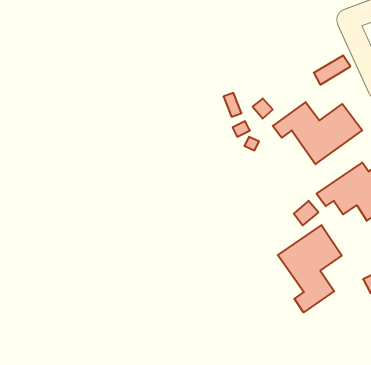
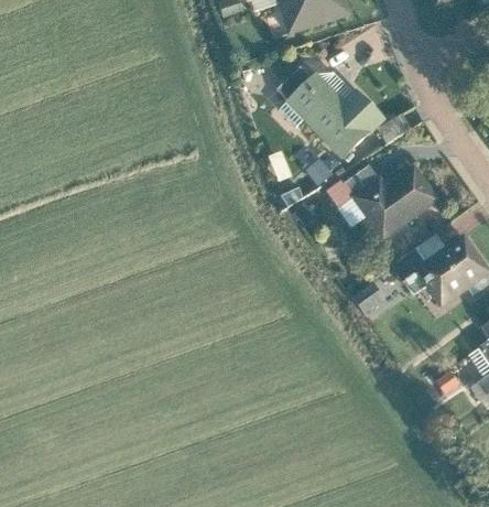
building: none -> [279,66,384,158]
building: [278,225,342,312] -> none

